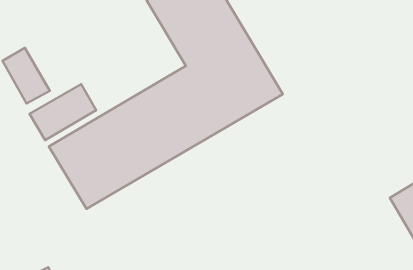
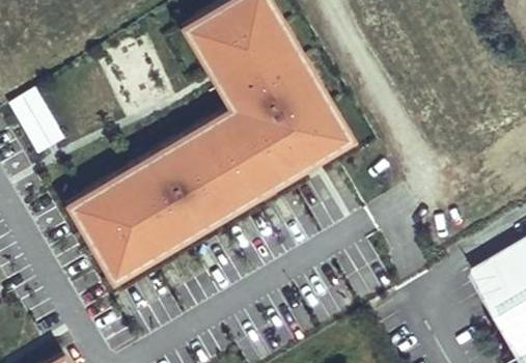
building: [29,84,96,140] -> none

